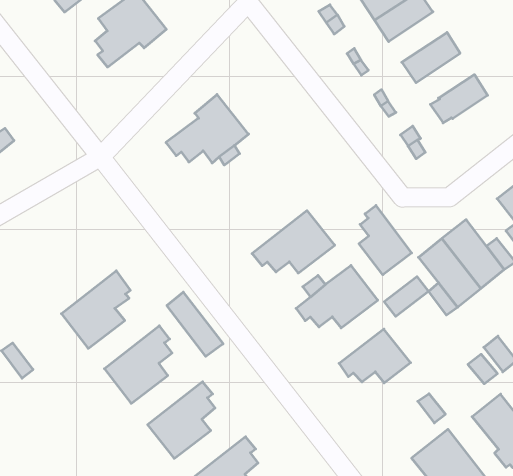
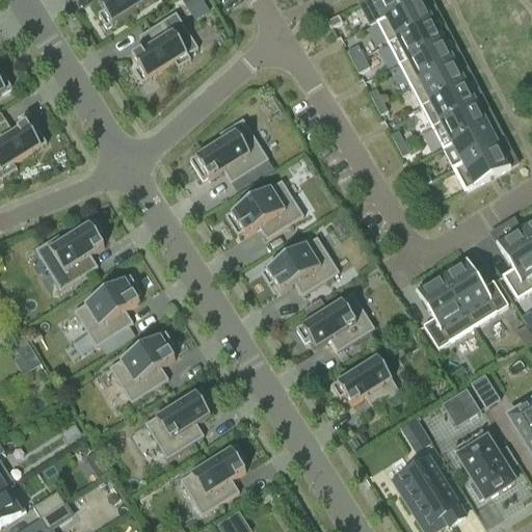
building: none -> [409,59,466,104]
building: none -> [431,101,487,147]
building: none -> [453,143,510,188]
building: none -> [224,179,303,237]
building: [359,205,412,275] -> none
building: none -> [34,217,104,288]
building: [384,277,429,316] -> none
building: [167,292,223,356] -> none

